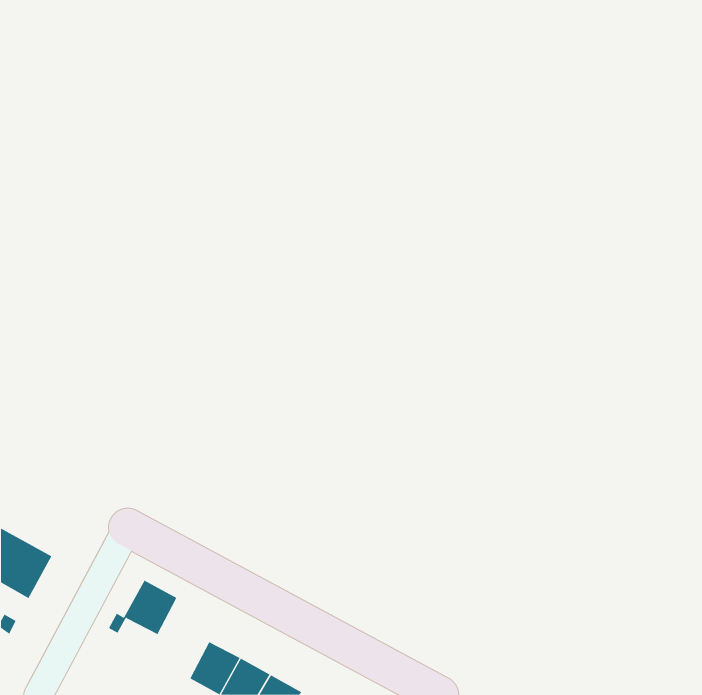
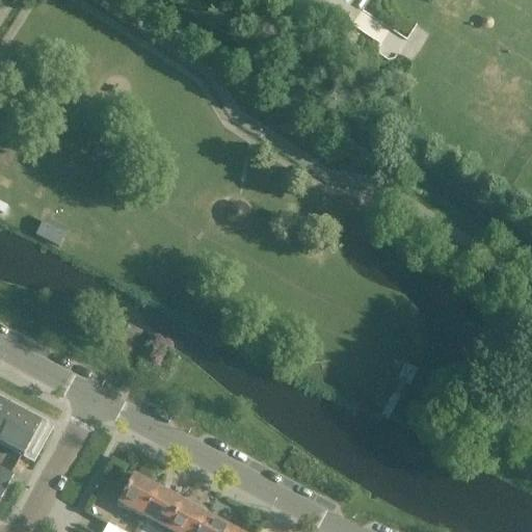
building: [108,580,177,635] -> [106,472,158,513]

